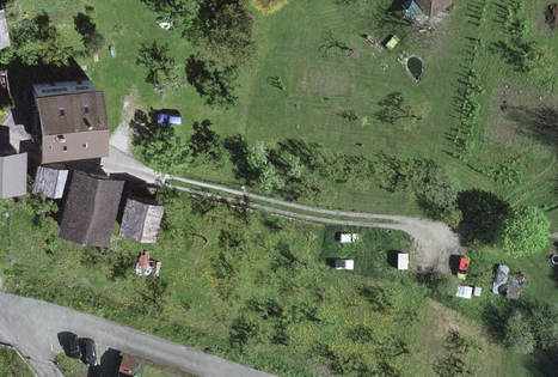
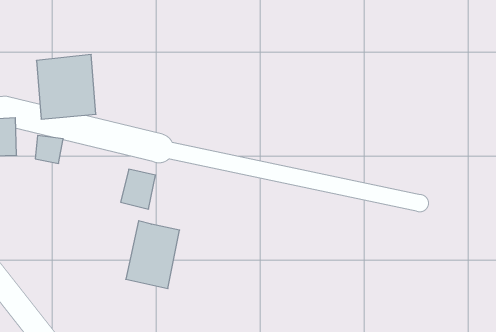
building: [65,175,119,244] -> [126,221,180,289]

